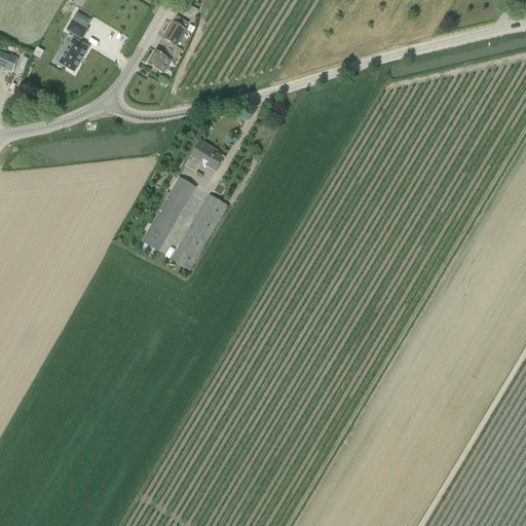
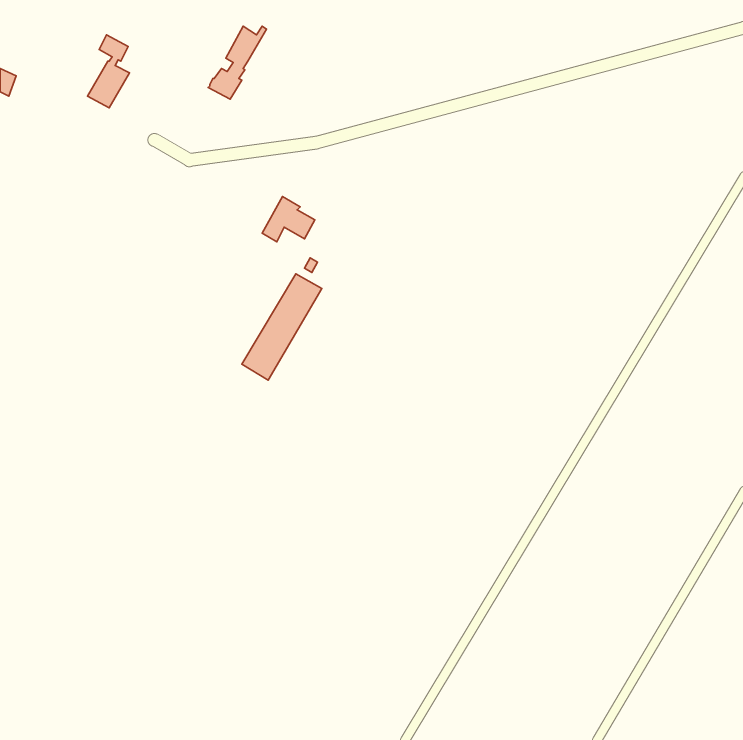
building: [141,175,196,254] -> none

